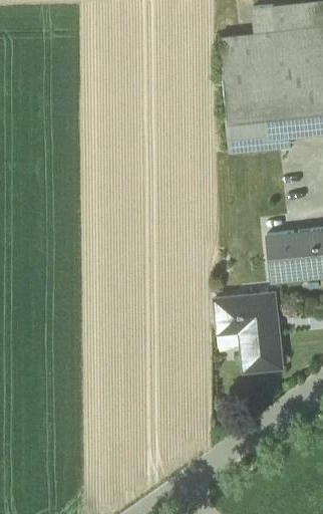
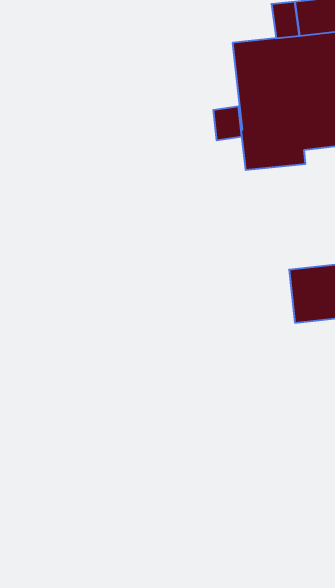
building: none -> [213,106,242,140]
building: [214,293,281,369] -> none

